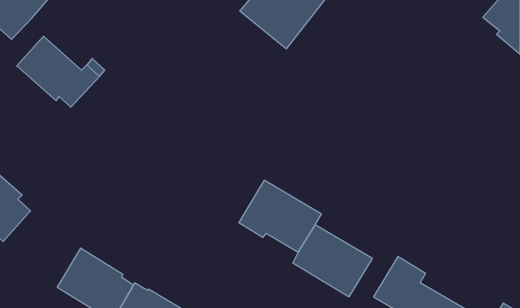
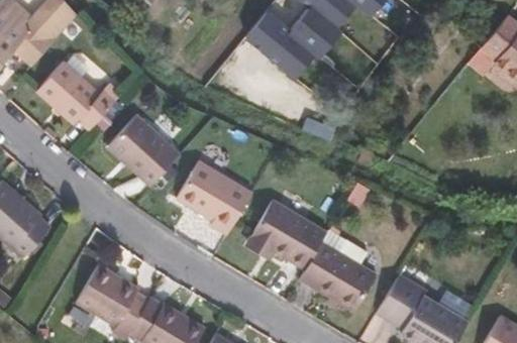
building: none -> [107,115,180,187]
building: none -> [177,162,251,235]

